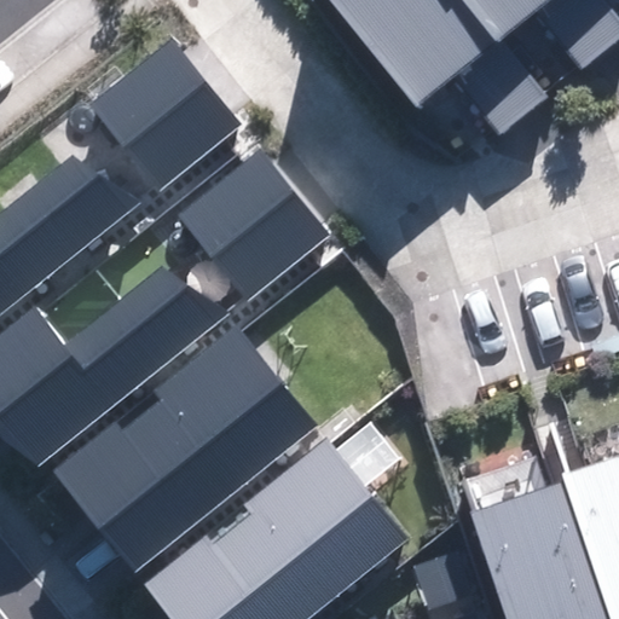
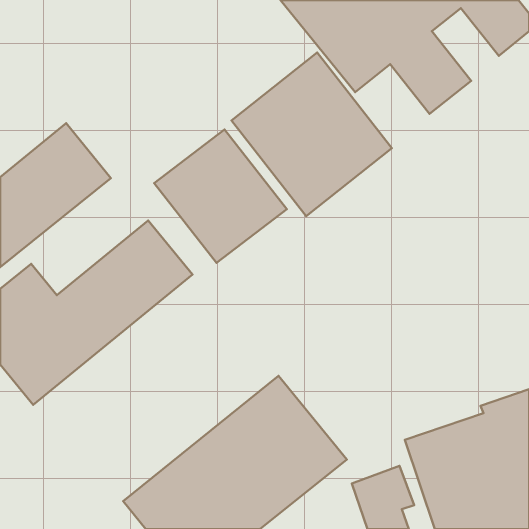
building: [88,39,243,196] -> none
building: none -> [231,52,392,216]
building: [54,328,312,568] -> none

